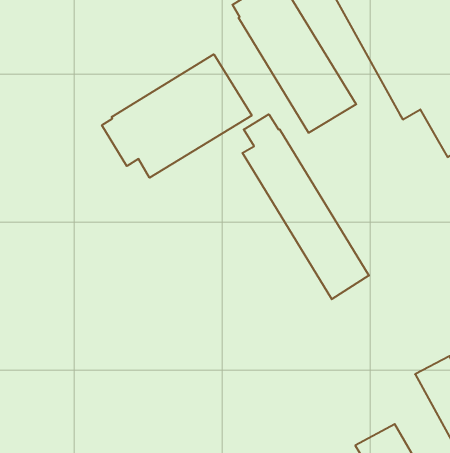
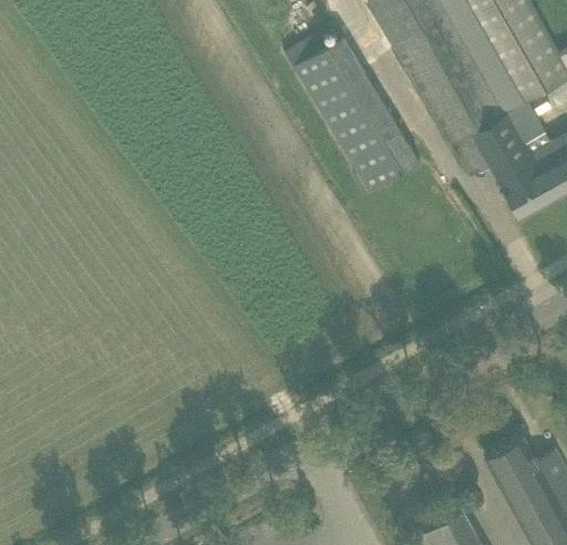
building: [102,54,252,178] -> none
building: [242,114,369,299] -> none

